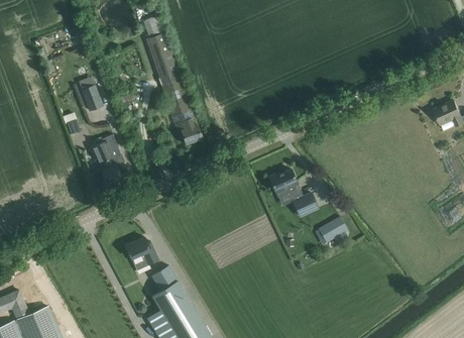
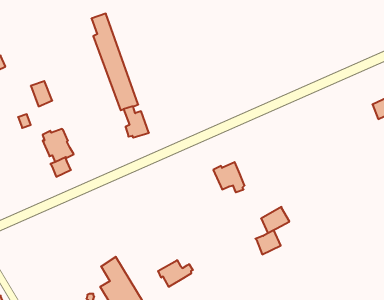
building: [292,191,318,216] -> [255,230,281,254]
building: [125,236,157,269] -> none
building: none -> [158,260,193,287]

